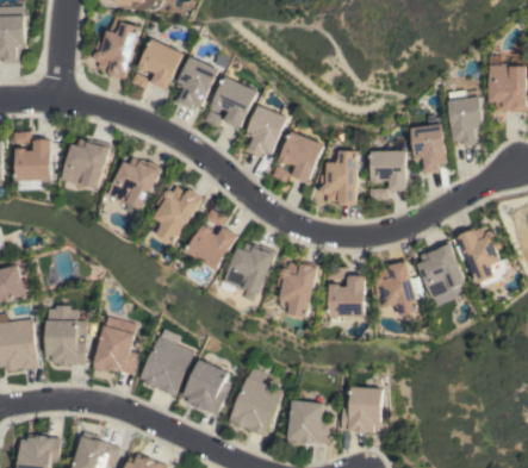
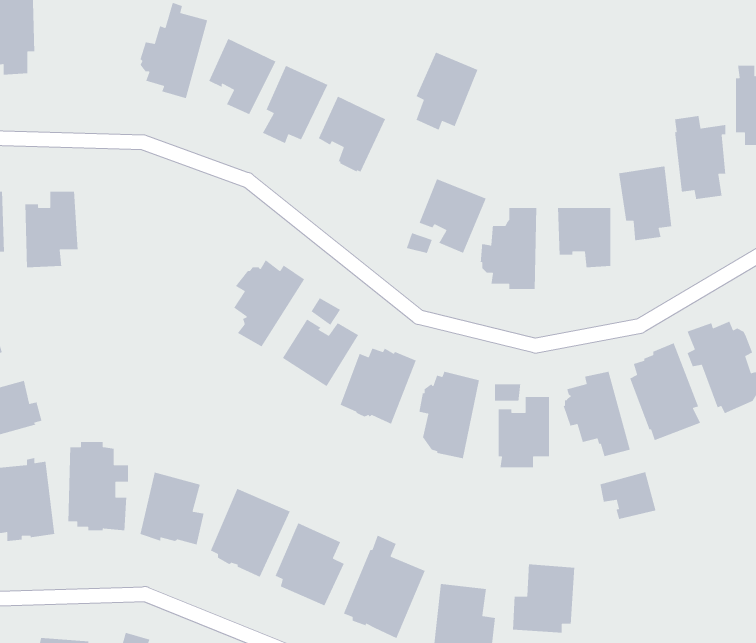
building: [244,105,286,157] -> [416,52,479,131]
building: [61,138,111,192] -> none
building: [108,157,162,208] -> none
building: none -> [600,471,657,520]

